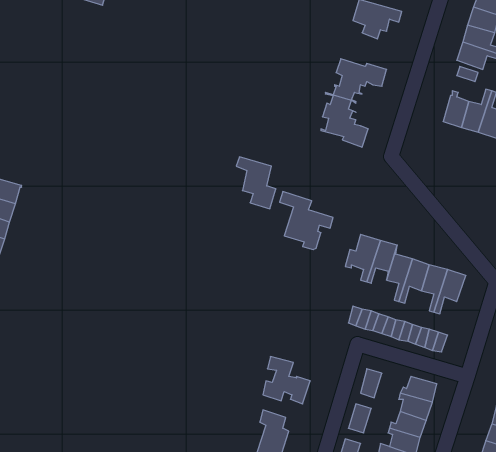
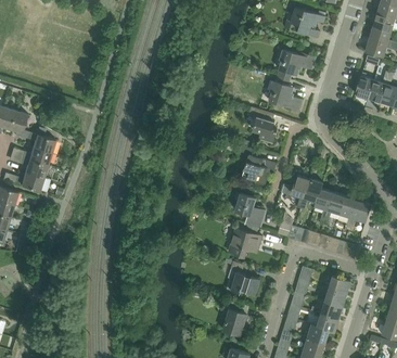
building: [236,157,276,209] -> [248,107,277,144]
building: none -> [234,193,265,227]
building: none -> [228,229,261,257]

